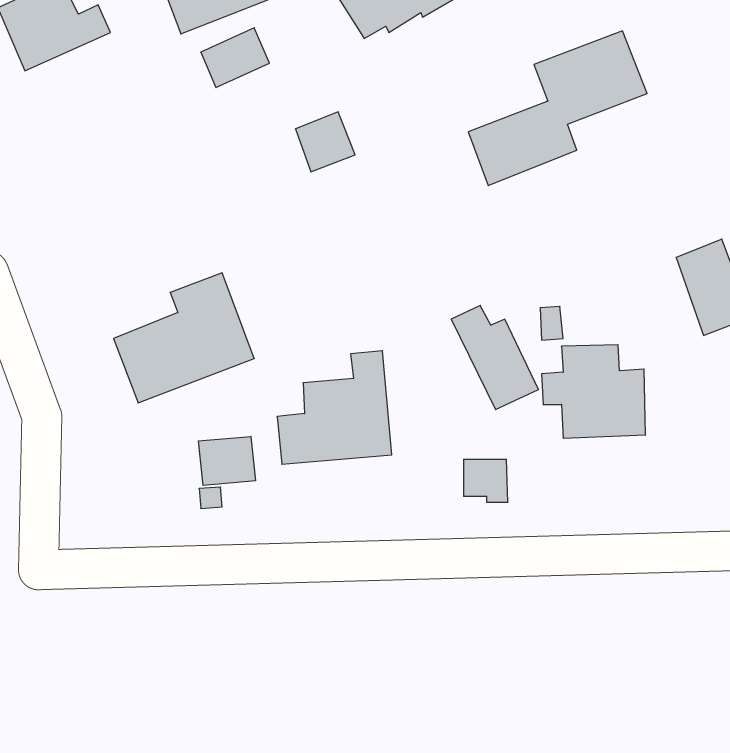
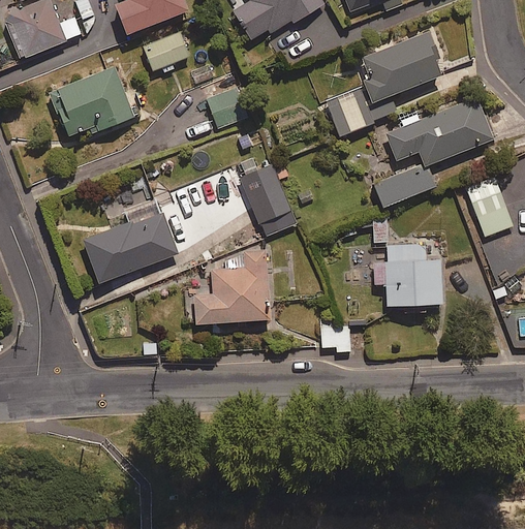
building: none -> [45,65,135,139]
building: none -> [374,96,493,207]
building: [451,305,538,410] -> [231,154,290,224]
building: [199,436,255,485] -> none

